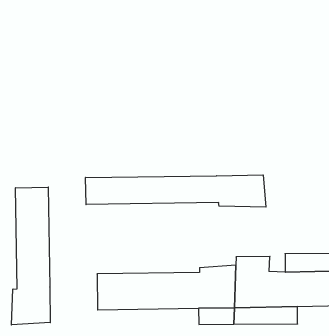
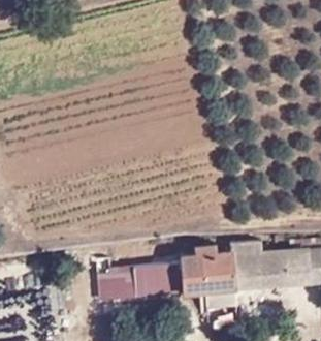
building: [86,175,266,207] -> none
building: [11,187,50,325] -> none

